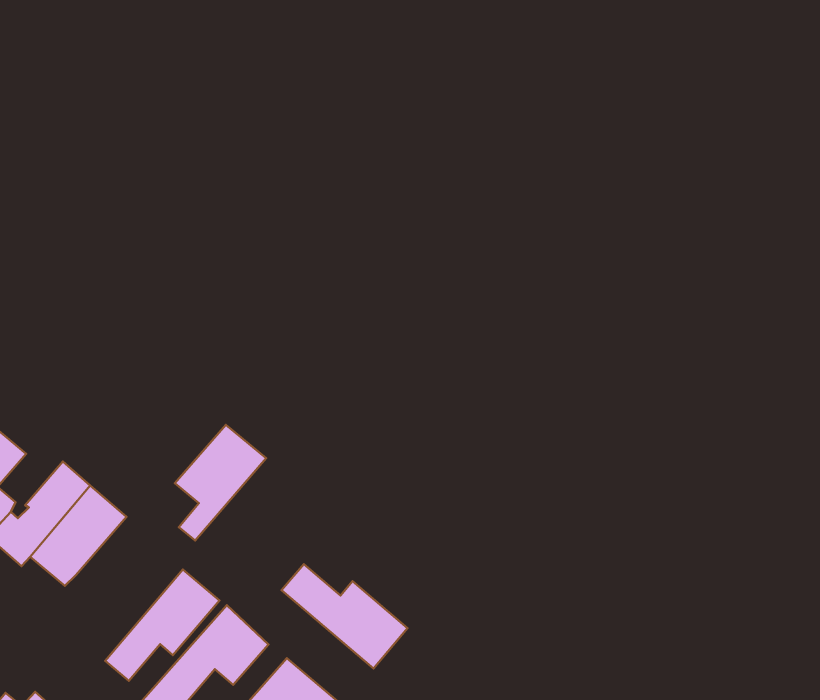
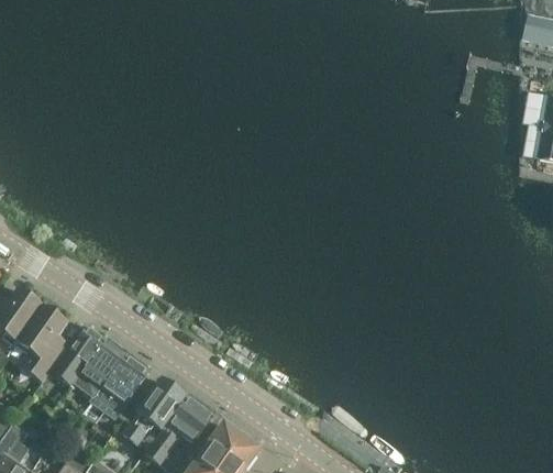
building: [175,425,266,540] -> [101,353,151,419]
building: [282,564,408,668] -> none

